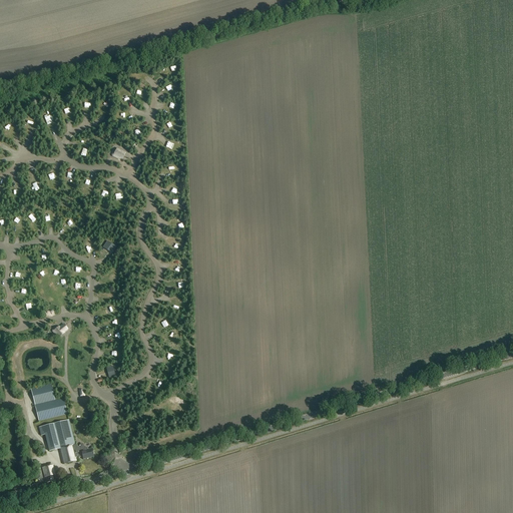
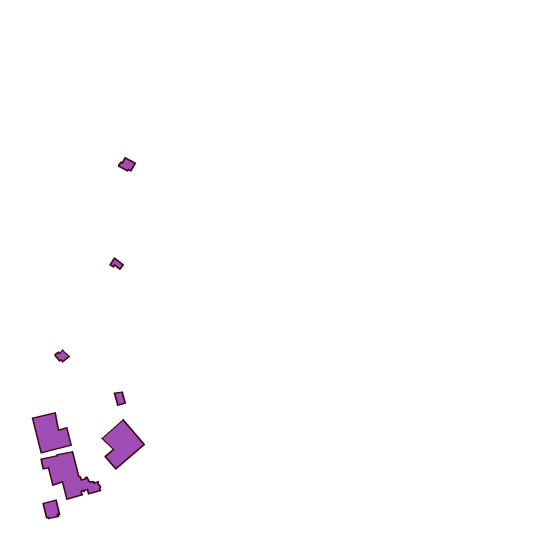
building: none -> [102,420,144,469]

